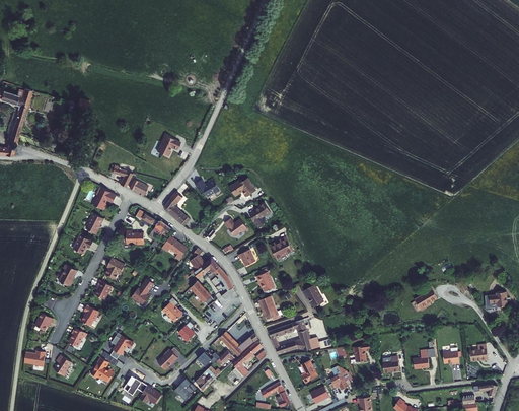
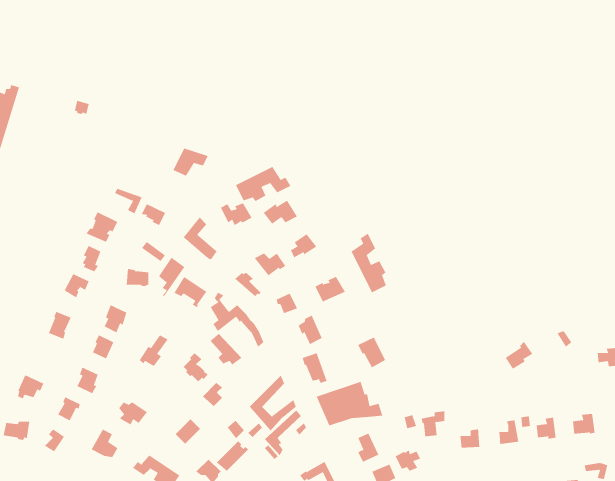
building: none -> [235,166,291,202]
building: none -> [351,233,386,293]

